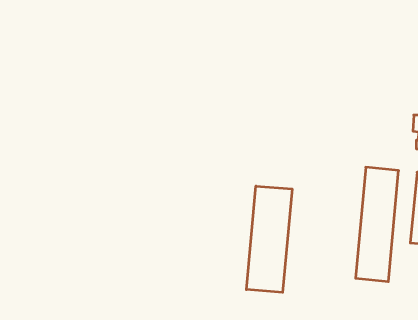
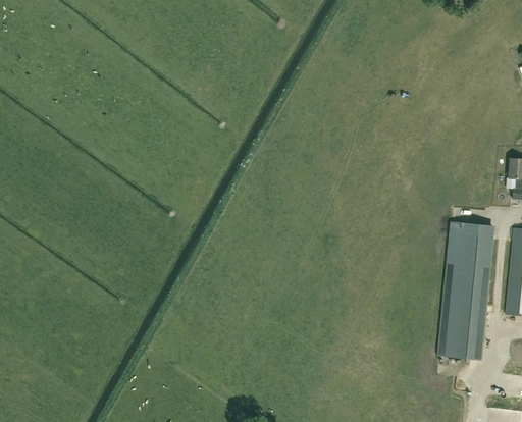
building: [246,186,292,292] -> none

